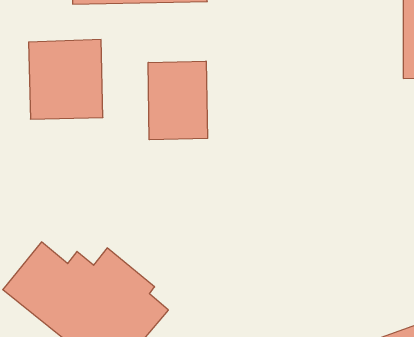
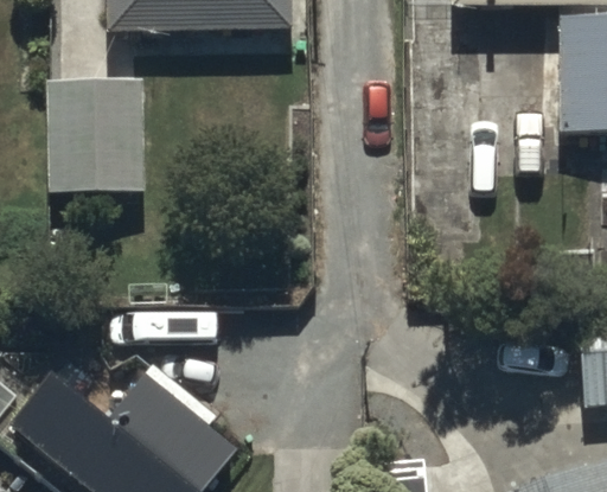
building: [148,61,208,140] -> none

